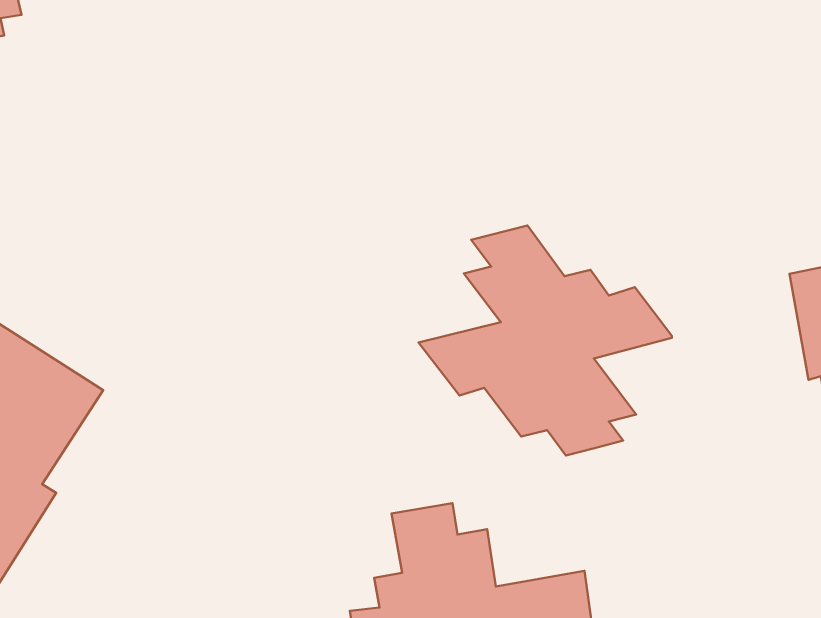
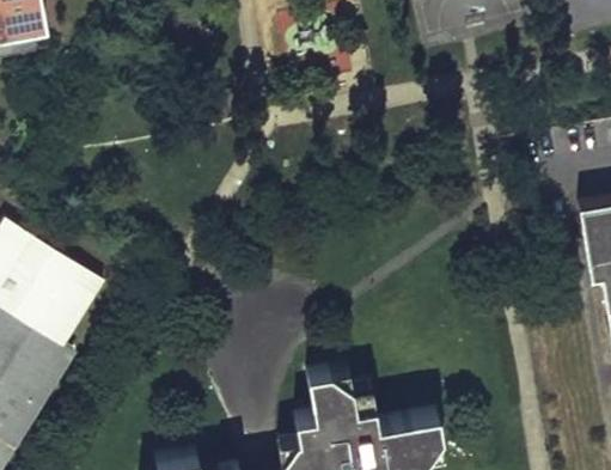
building: [419,226,672,456] -> none

